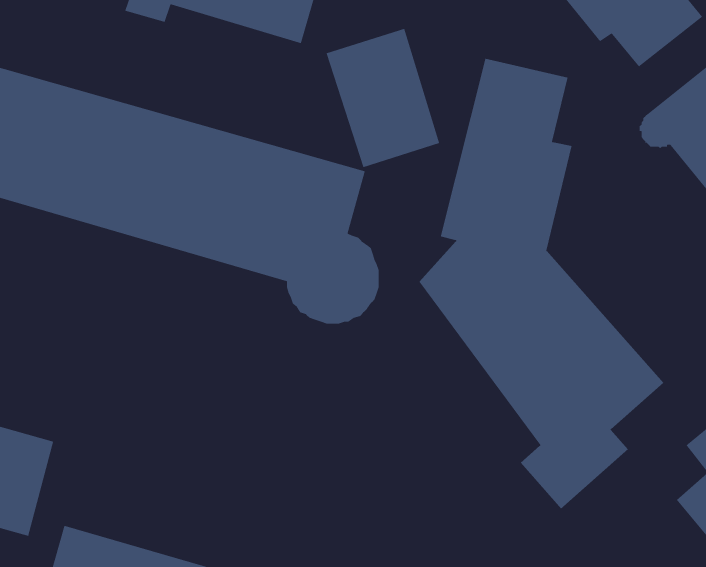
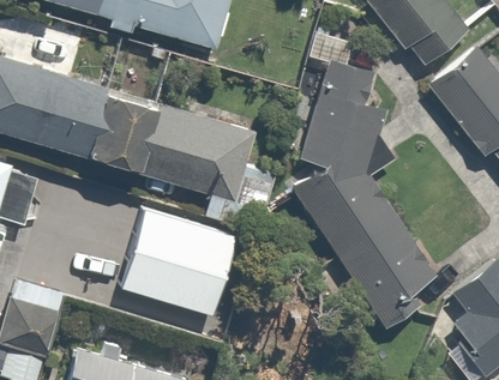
building: [326,28,440,168] -> none
building: none -> [116,205,239,319]

